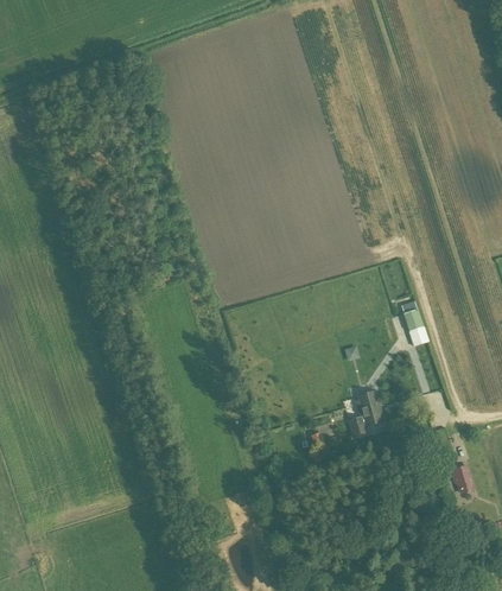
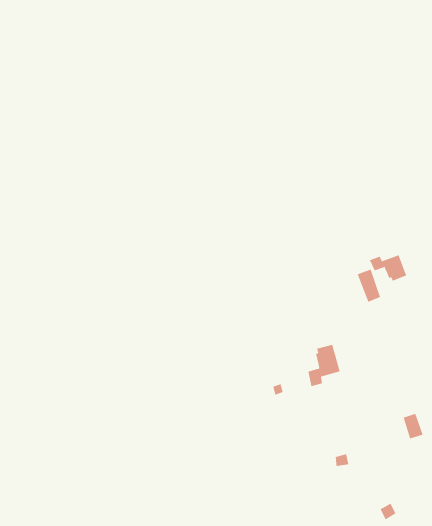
building: none -> [369,255,407,281]

